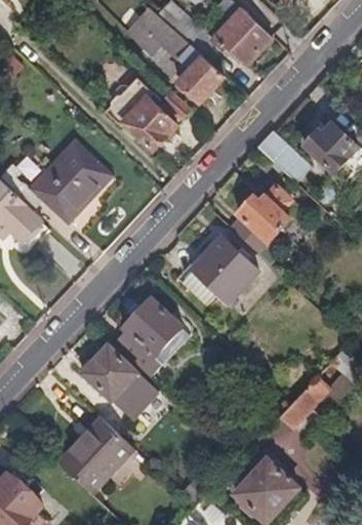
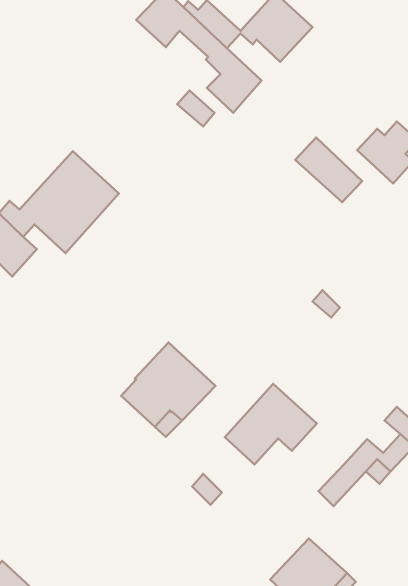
building: [103,77,175,150] -> none
building: [231,185,292,251] -> none
building: [183,237,258,304] -> [225,384,317,464]
building: [81,344,151,412] -> none
building: [58,416,134,494] -> none

